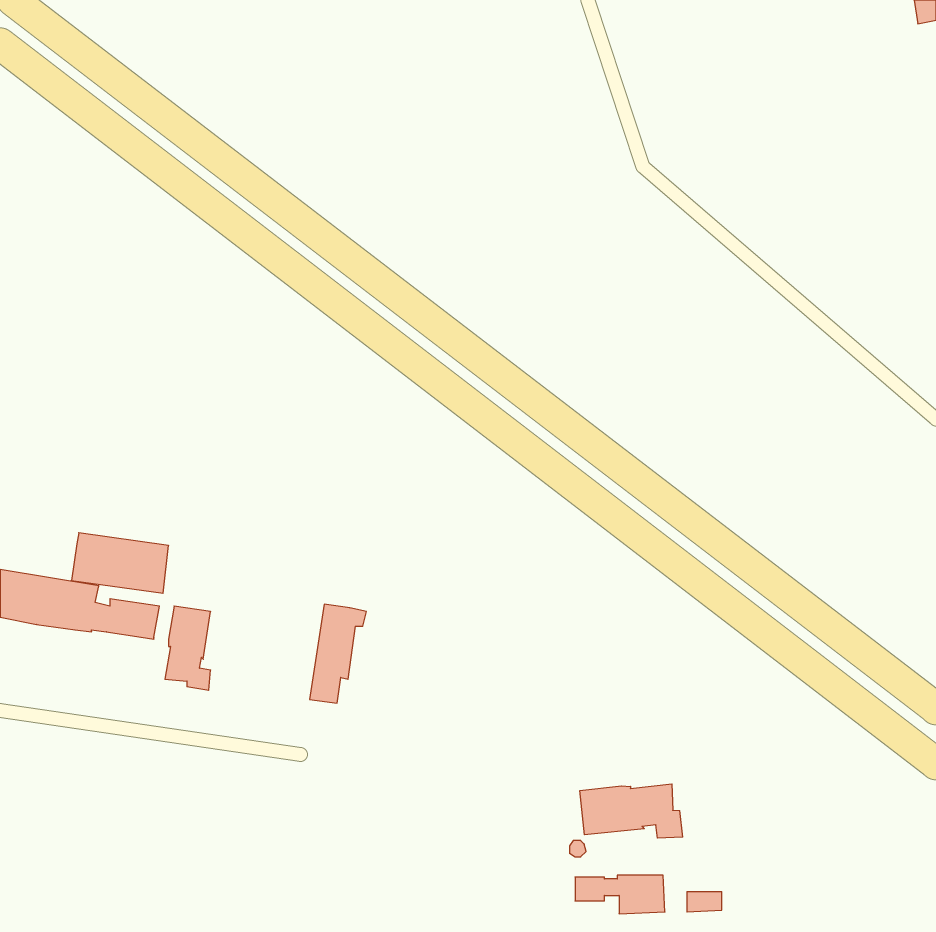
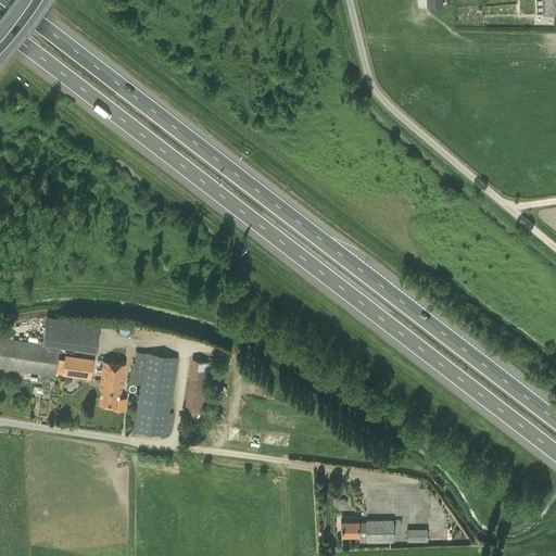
building: none -> [129,353,177,435]
building: [580,784,683,838] -> none

